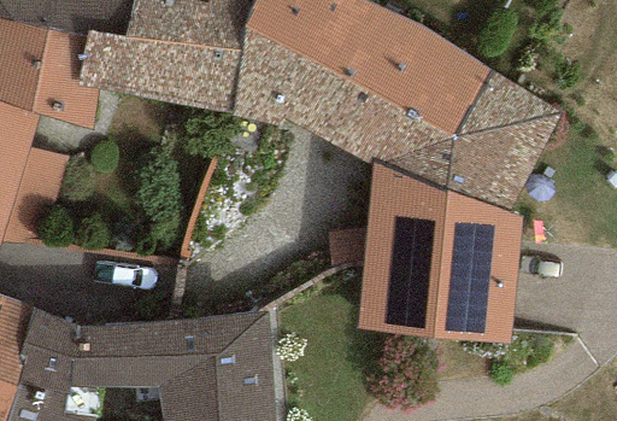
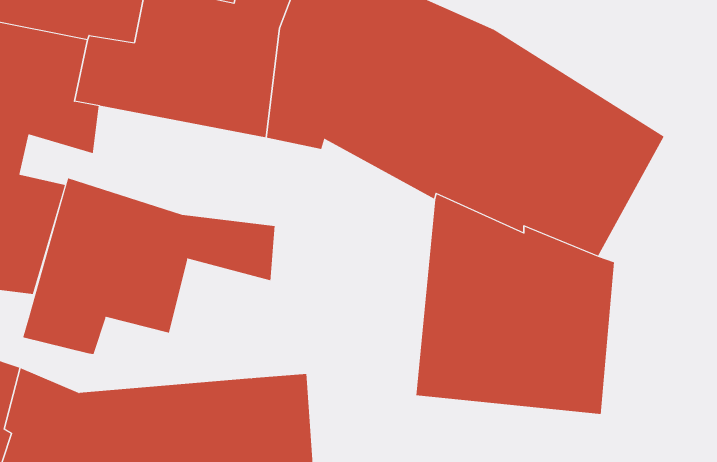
building: none -> [22,178,275,355]

